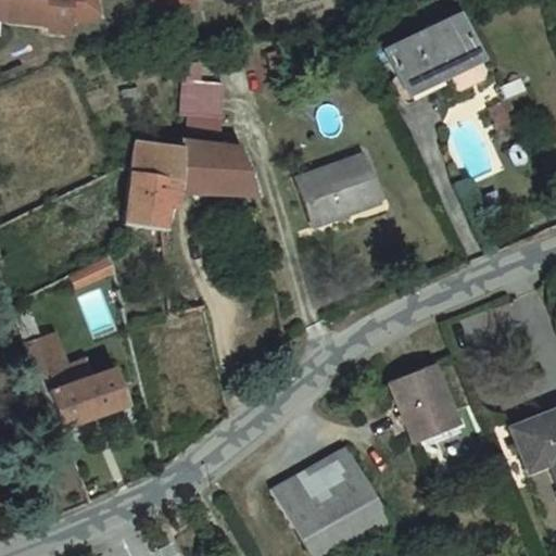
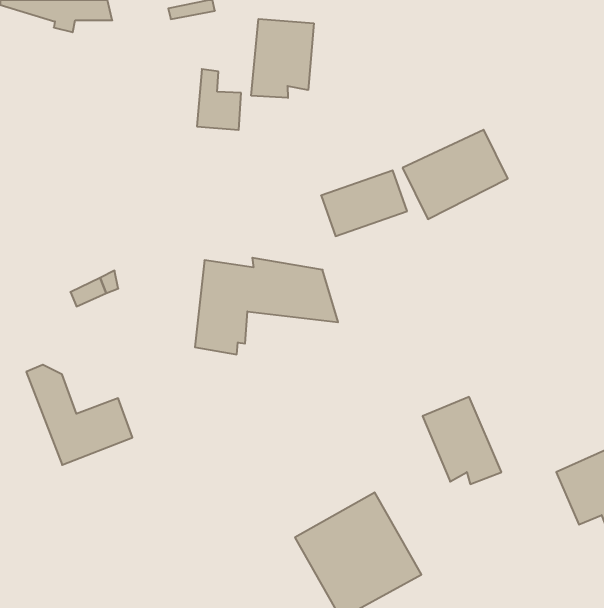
building: [383,16,479,98] -> [403,130,508,219]
building: none -> [251,19,314,98]
building: [127,132,257,220] -> [195,258,338,354]

